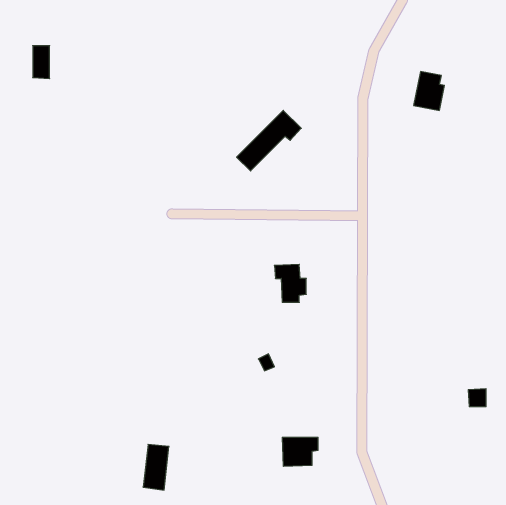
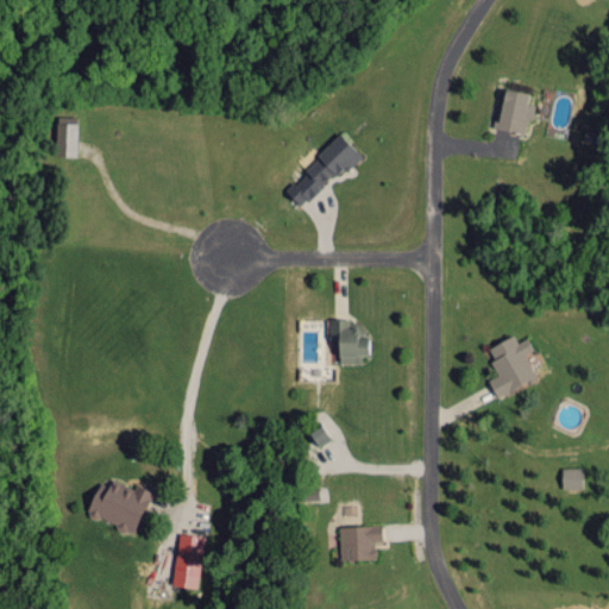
building: [33,46,50,79] -> [58,119,79,158]
building: none -> [490,337,538,397]
building: none -> [88,483,151,534]

